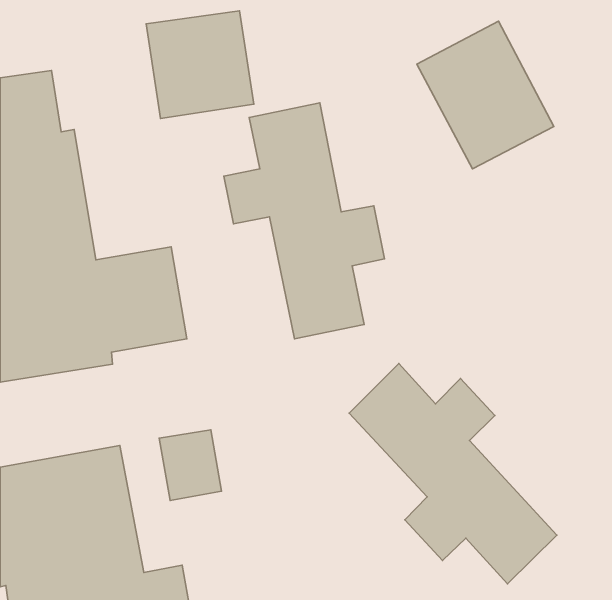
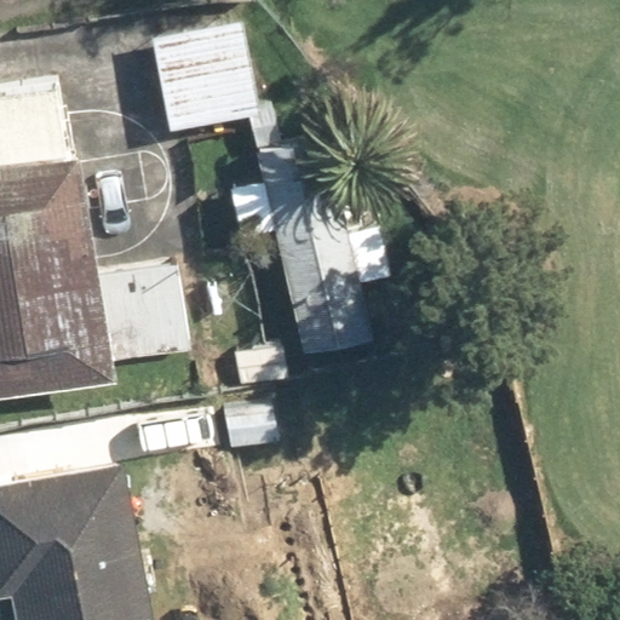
building: [417,21,554,169] -> none
building: [349,364,557,584] -> none

